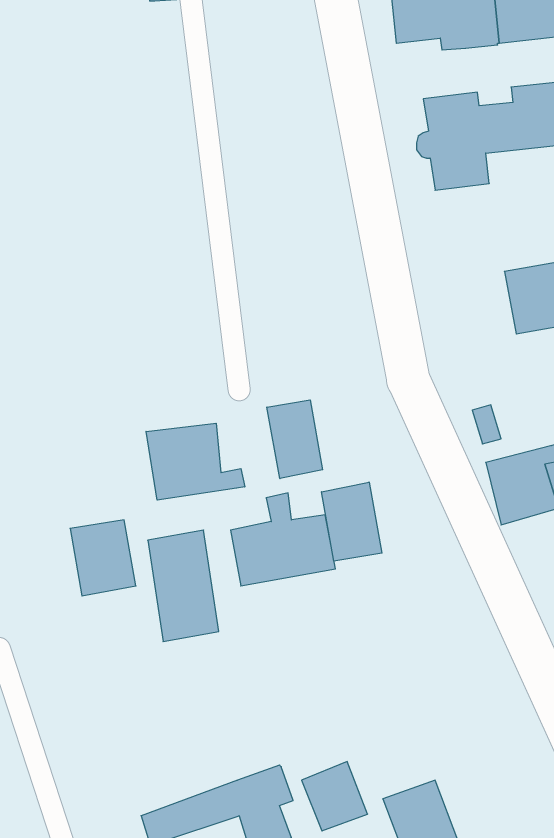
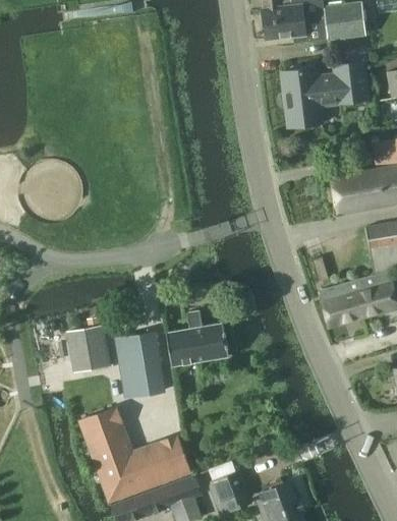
building: [267,400,323,479] -> none
building: [146,423,245,500] -> none
building: [322,482,382,561] -> none
building: none -> [81,406,189,498]

